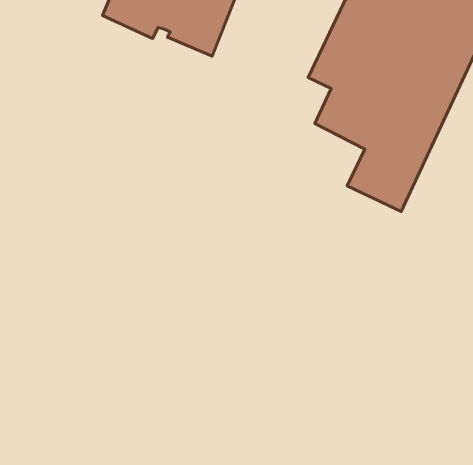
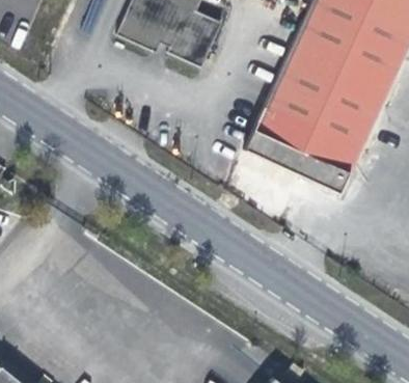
building: none -> [252,78,322,161]

